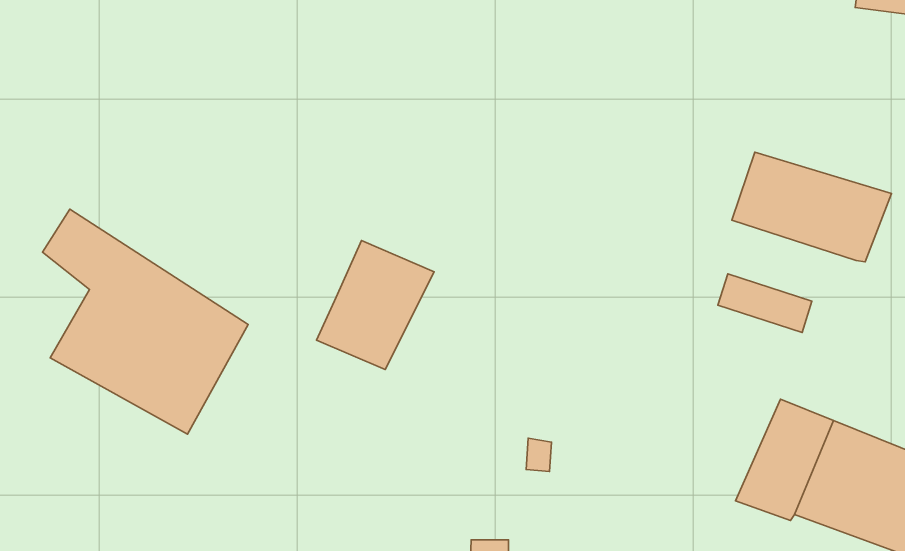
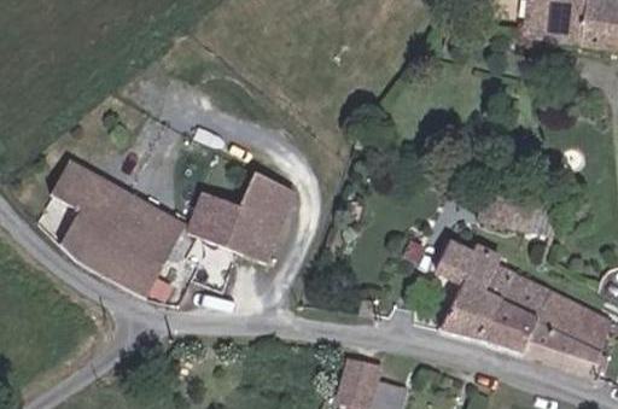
building: [732,152,891,262] -> none
building: none -> [191,194,240,239]
building: none -> [432,245,514,338]

